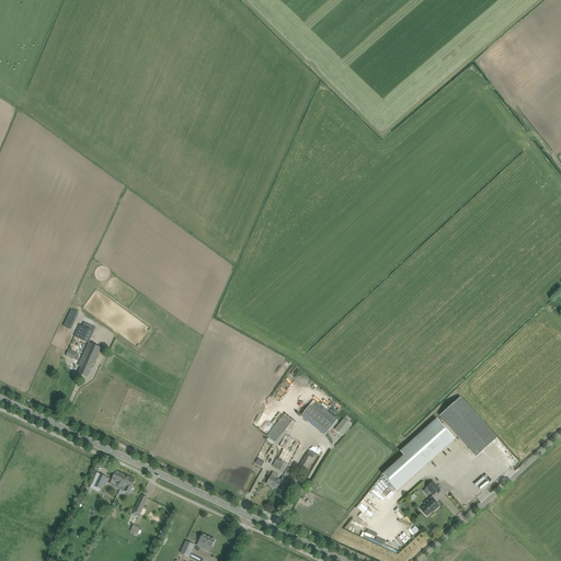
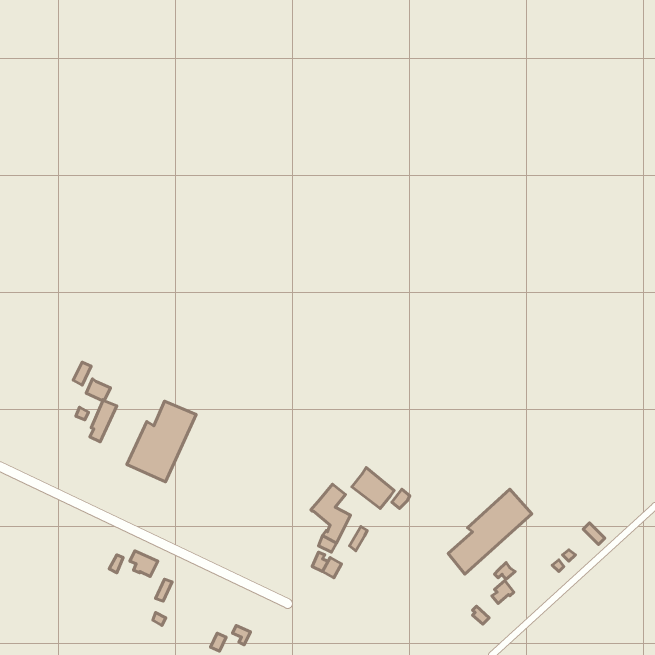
building: none -> [127,401,196,482]
building: [438,396,496,456] -> none

